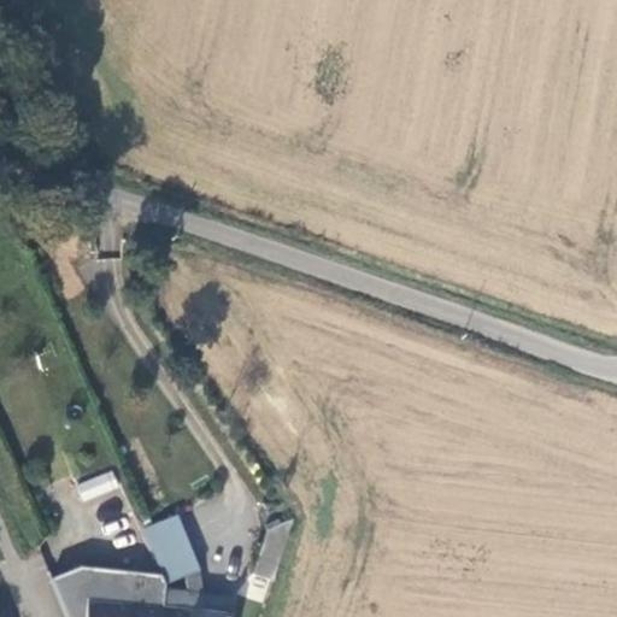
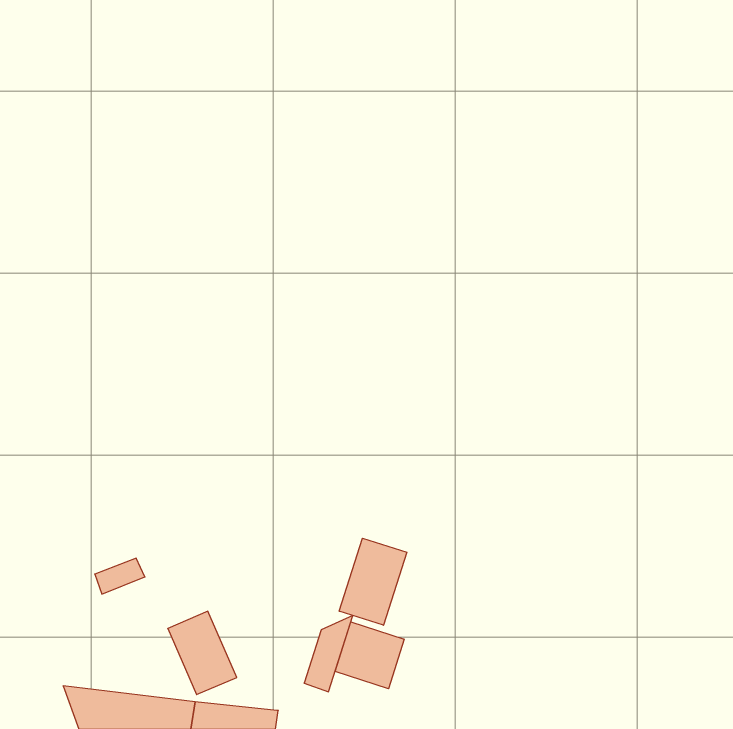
building: none -> [339,538,407,625]
building: none -> [335,622,404,689]

